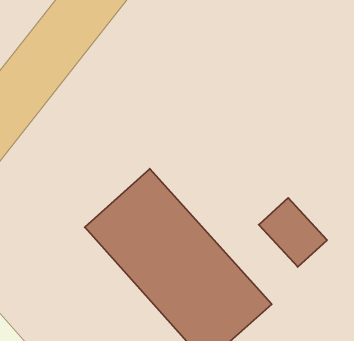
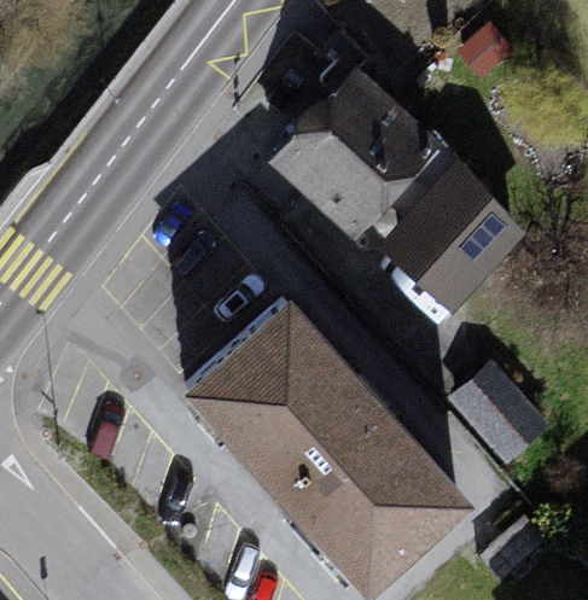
building: none -> [273,74,438,239]
building: none -> [375,164,522,318]

